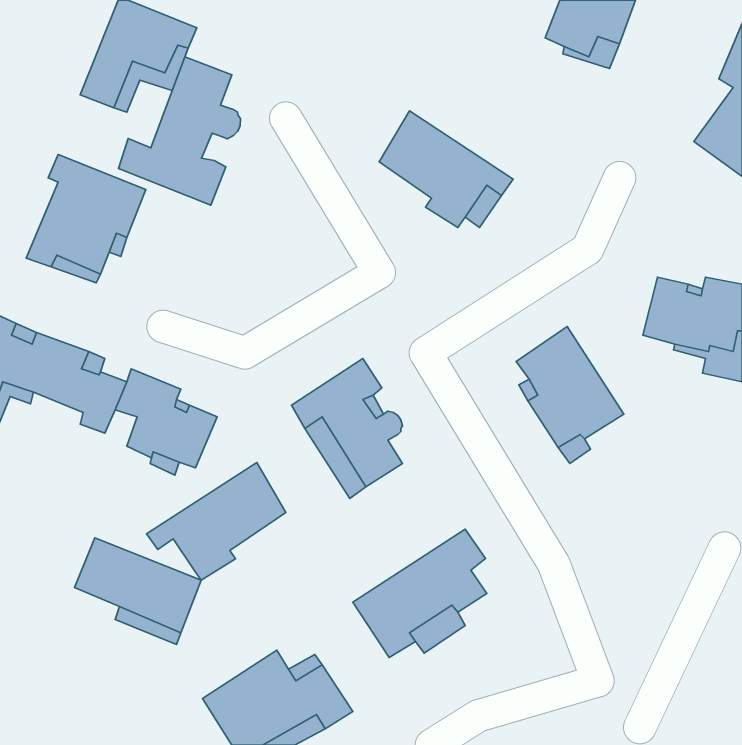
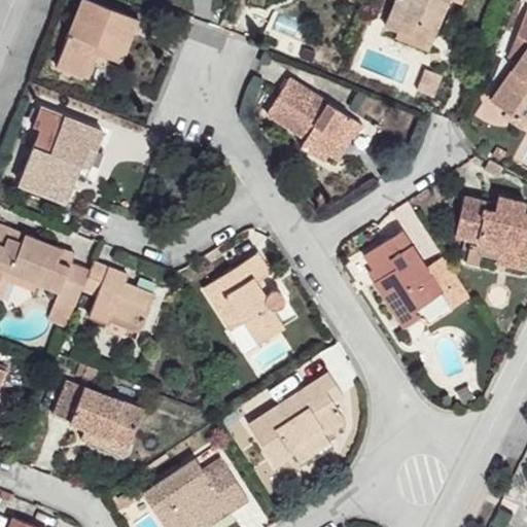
building: [118,57,240,205] -> none
building: [146,463,286,580] -> none

